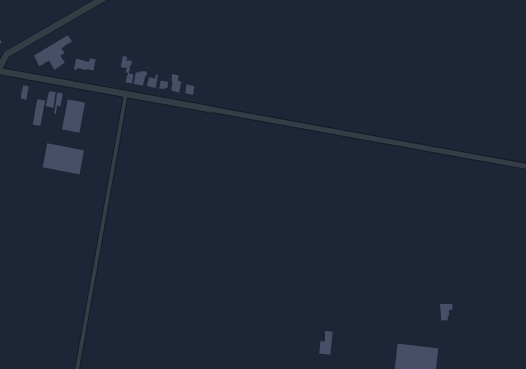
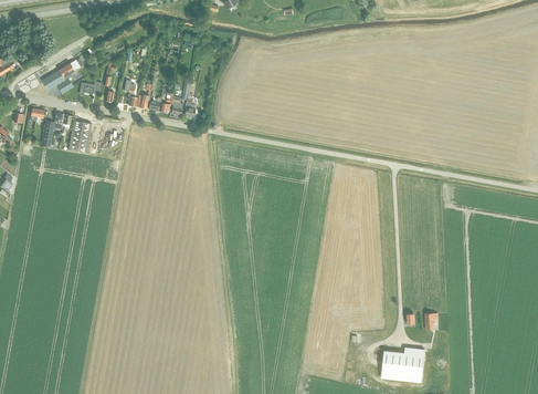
building: [42,143,85,175] -> none

